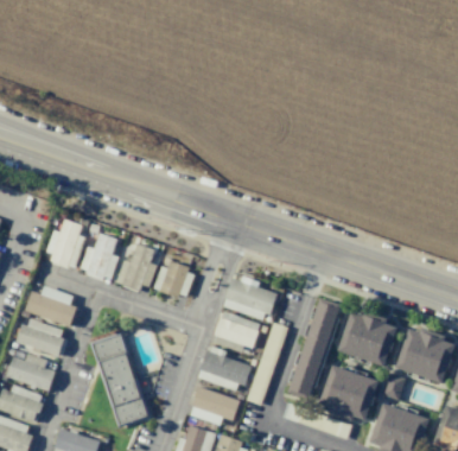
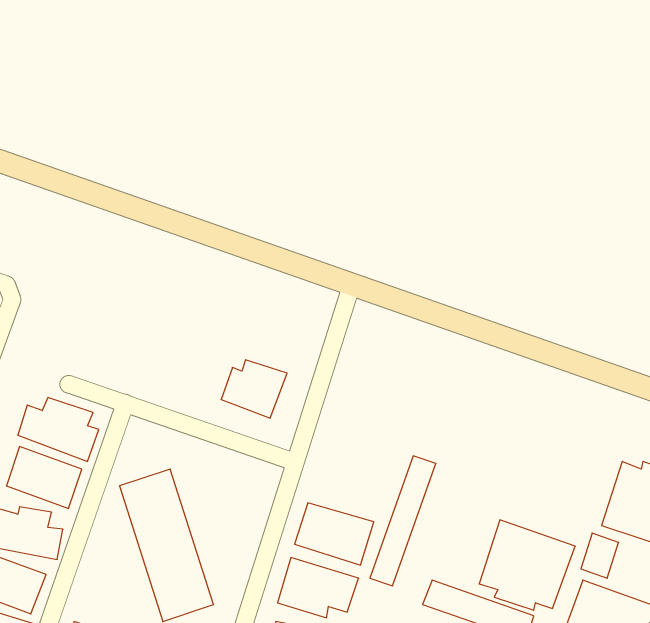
building: [47,220,84,268] -> none
building: [81,234,117,279] -> none
building: [116,246,160,291] -> none
building: [224,275,275,319] -> none
building: [285,296,339,399] -> none
building: [335,310,395,366] -> none
building: [212,312,260,349] -> none

